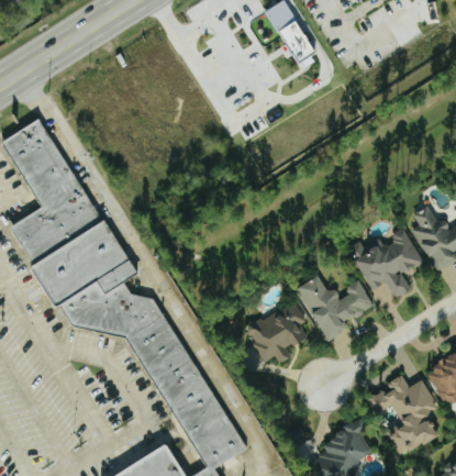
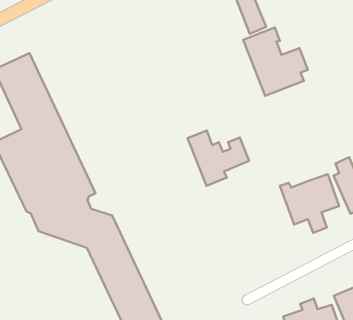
building: none -> [243,28,308,96]
building: [298,276,372,341] -> [187,131,249,186]
building: [246,301,308,363] -> none

